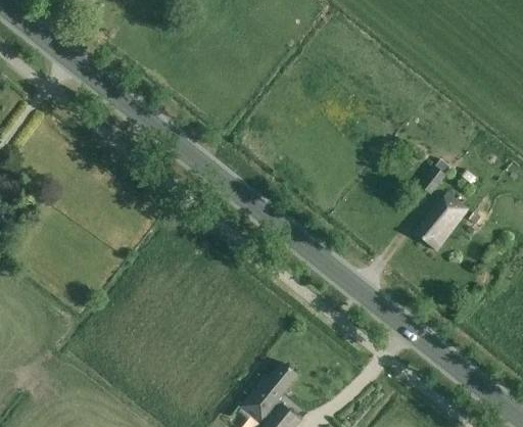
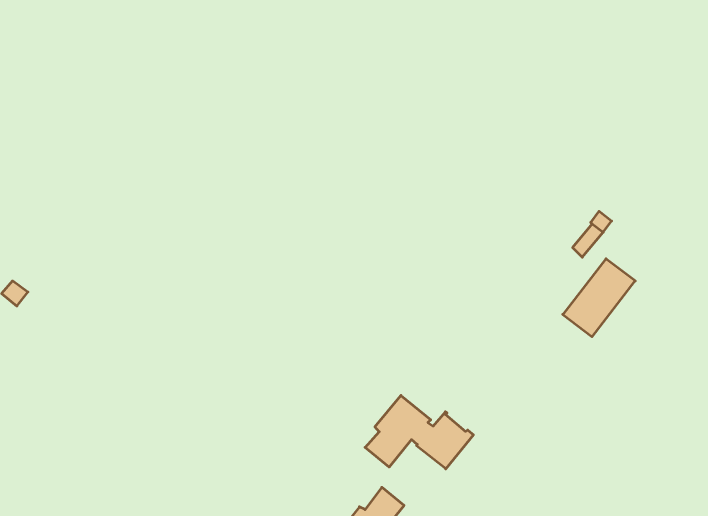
building: none -> [365,395,473,469]

